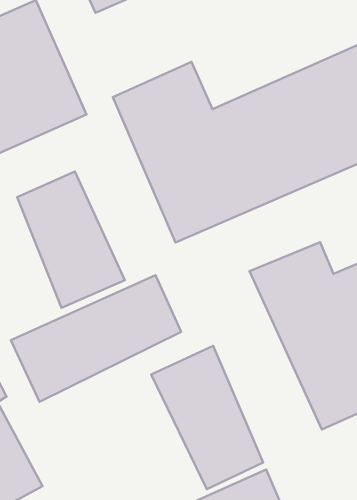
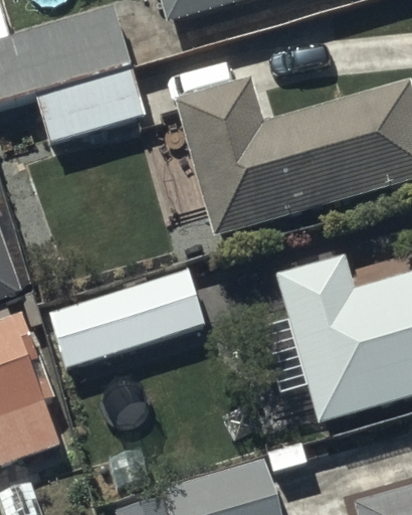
building: [17,171,125,308] -> none
building: [151,346,263,489] -> none

